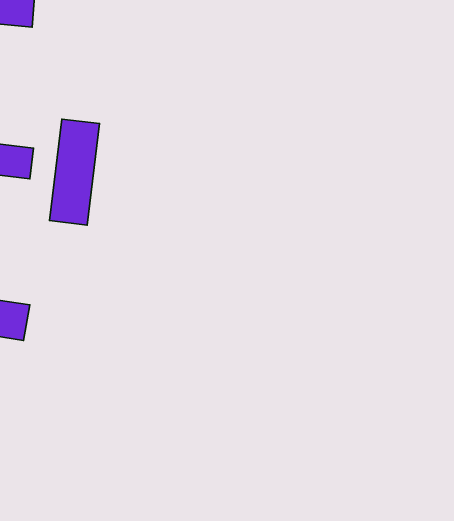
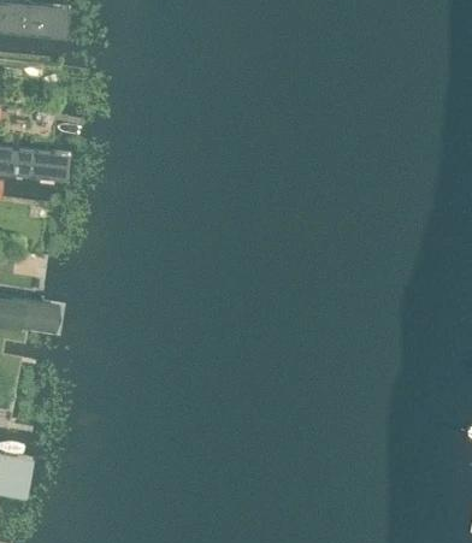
building: [49,119,99,225] -> none

